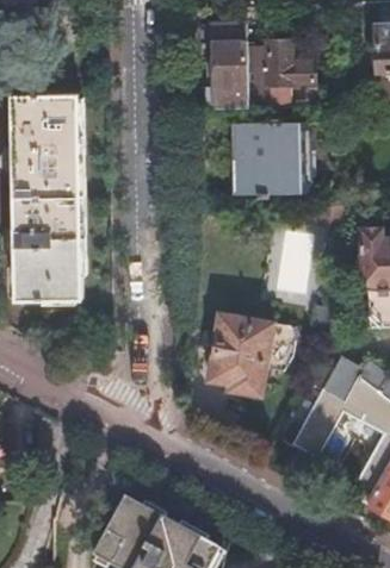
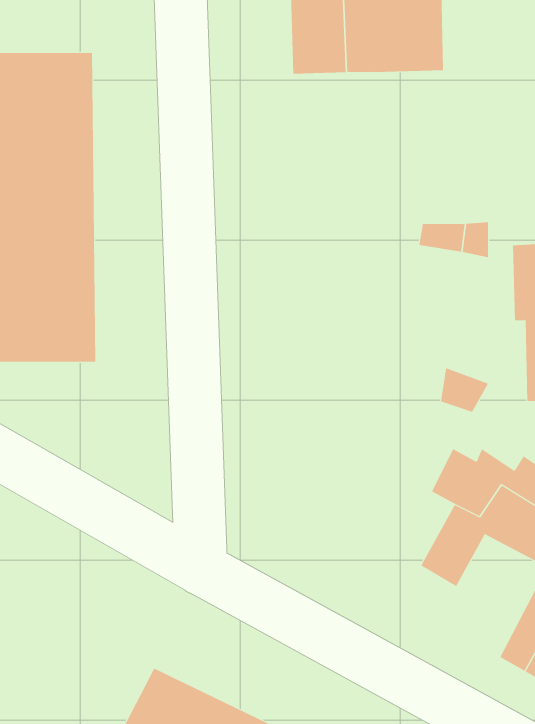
building: [229,117,310,198] -> none
building: [210,314,293,397] -> none

